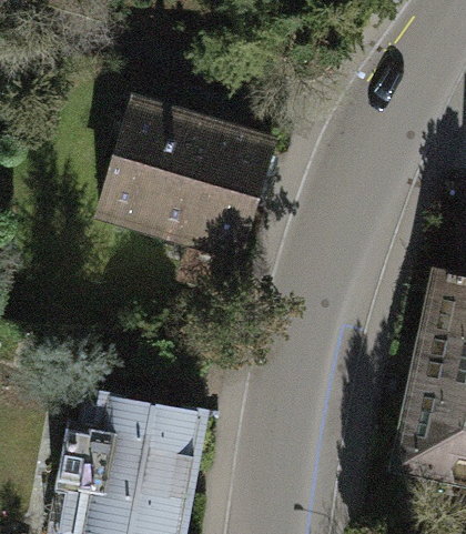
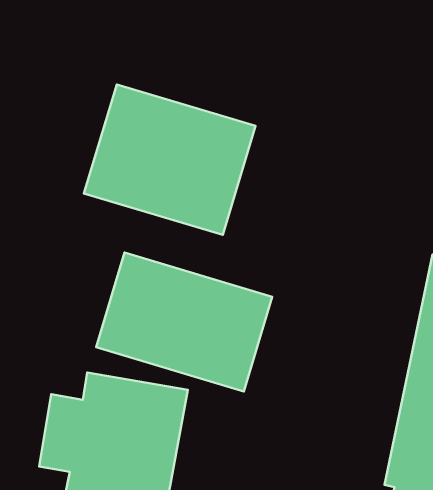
building: none -> [96,253,272,391]

